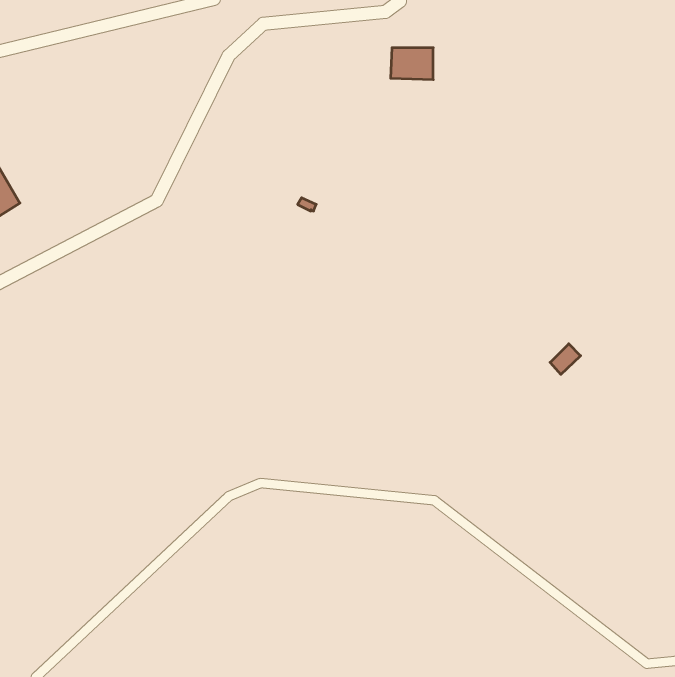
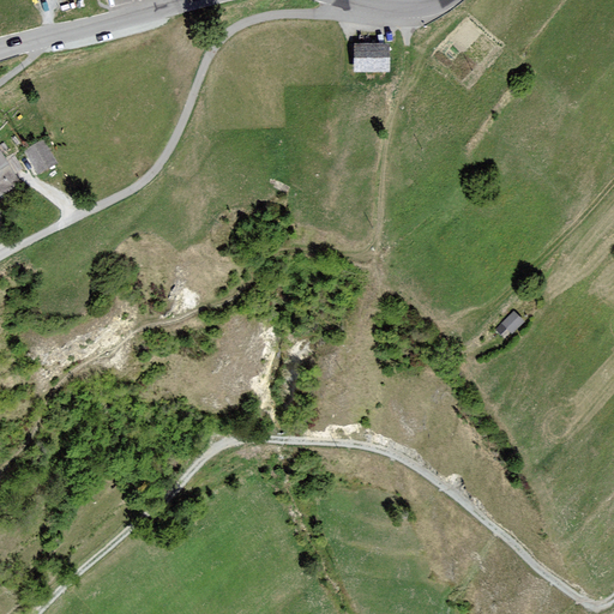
building: none -> [23,140,54,173]

